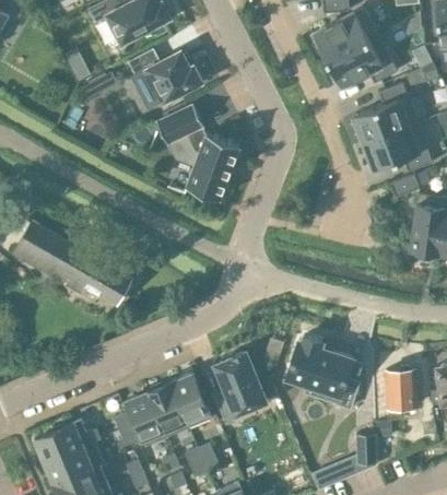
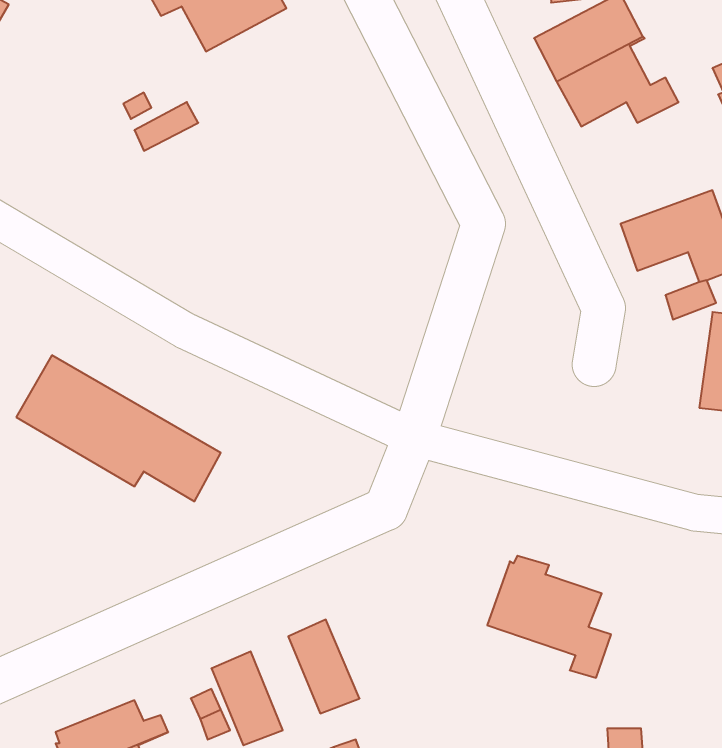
building: [128,49,202,102] -> none
building: [354,83,417,143] -> none
building: [156,107,238,201] -> none
building: [213,352,266,424] -> none
building: [387,366,416,420] -> none
building: [149,384,189,438] -> none

